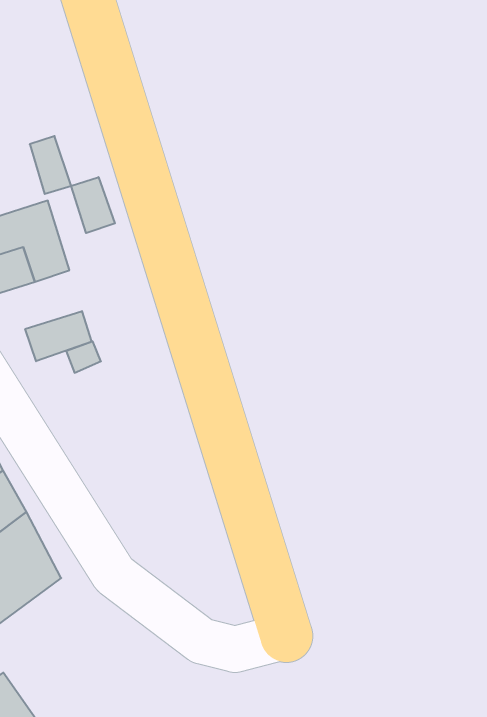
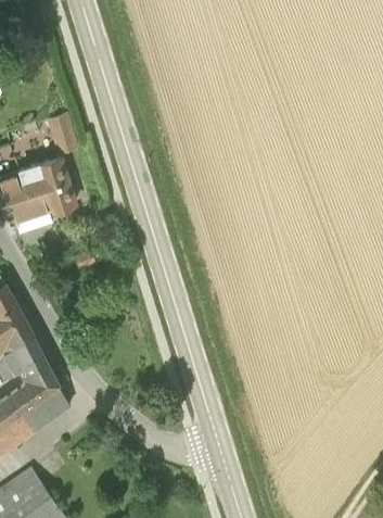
building: [71,177,115,233] -> none
building: [25,311,92,361] -> none

